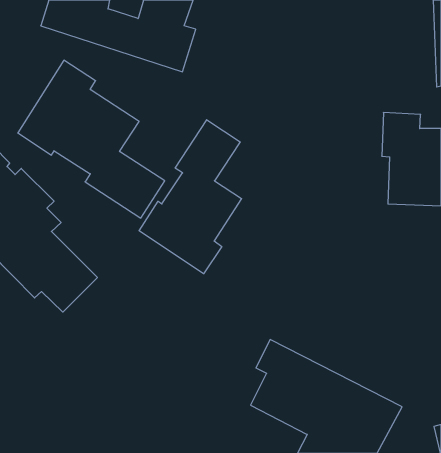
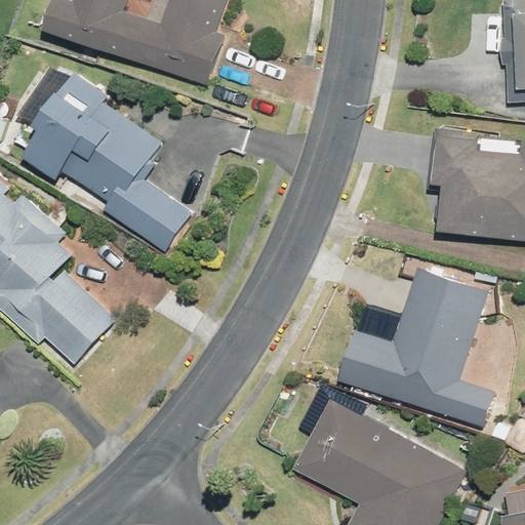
building: [139,120,242,274] -> none
building: none -> [340,268,494,427]

